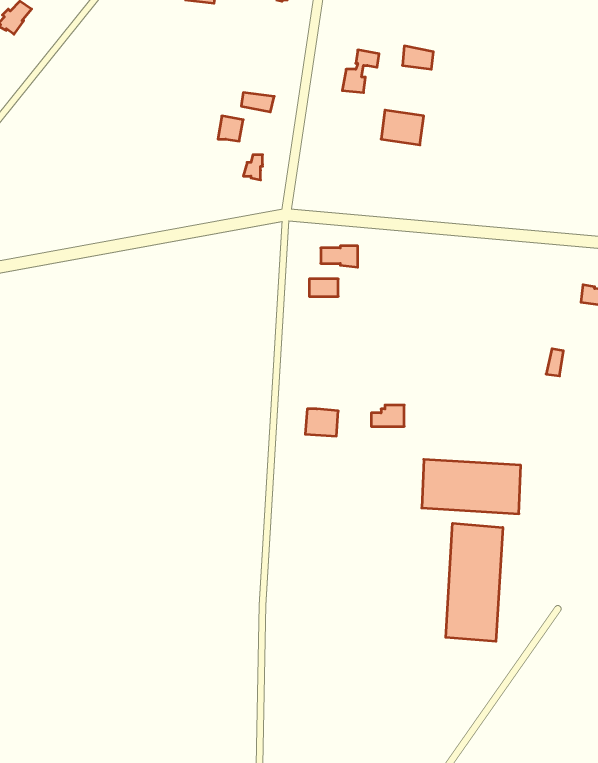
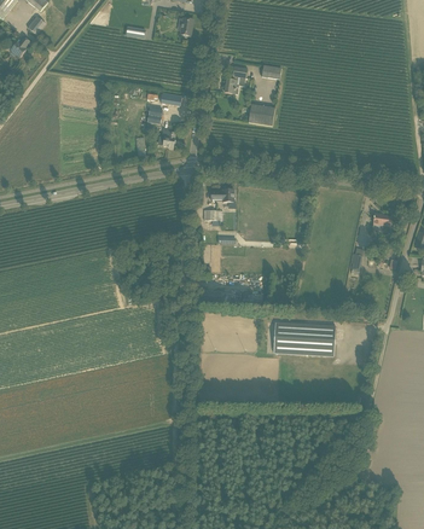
building: [446,523,503,641] -> none

